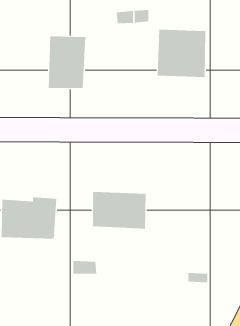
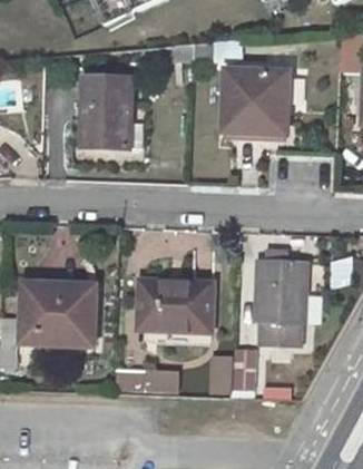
building: none -> [255,258,304,344]
building: none -> [210,351,256,395]

